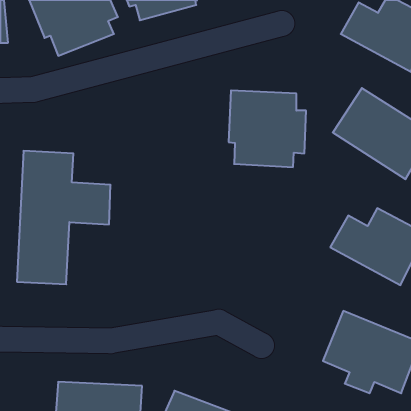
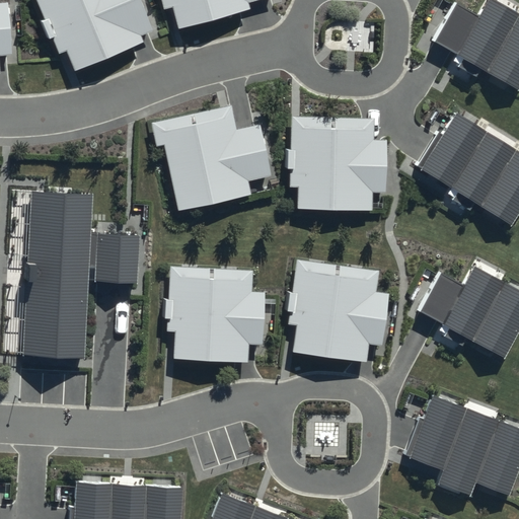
building: none -> [151,105,272,211]
building: none -> [288,260,389,363]
building: none -> [167,267,265,363]

